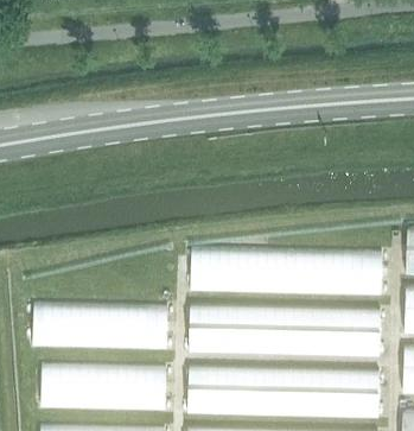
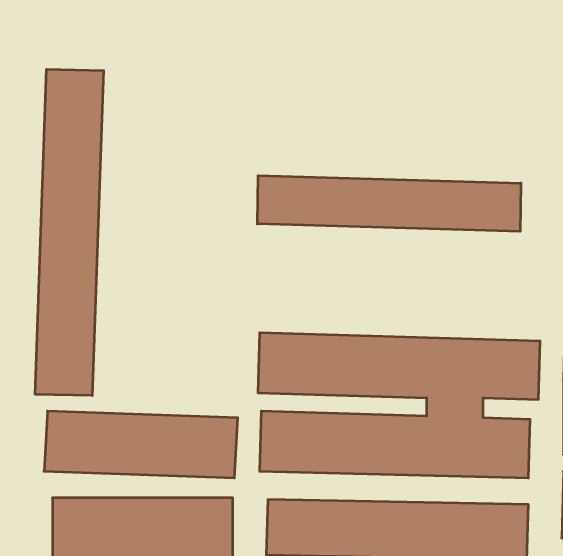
building: none -> [35,69,104,396]
building: none -> [257,176,521,231]

